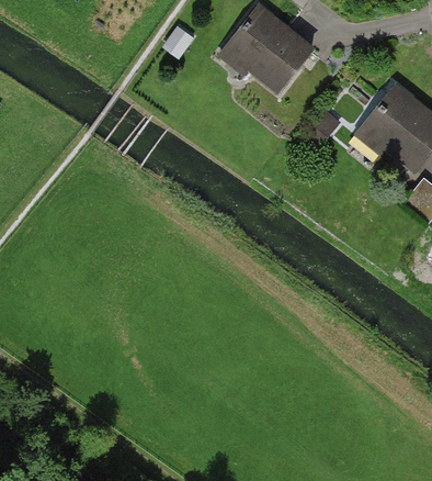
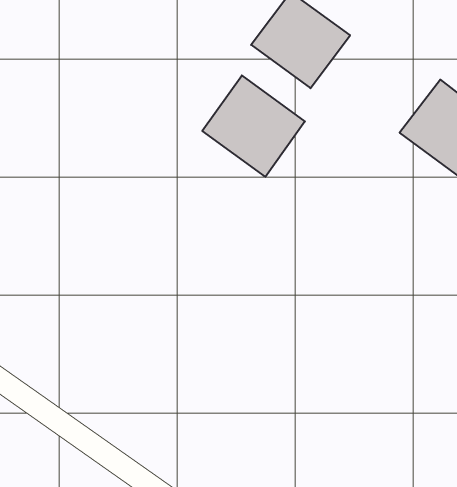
building: none -> [202,75,305,177]

